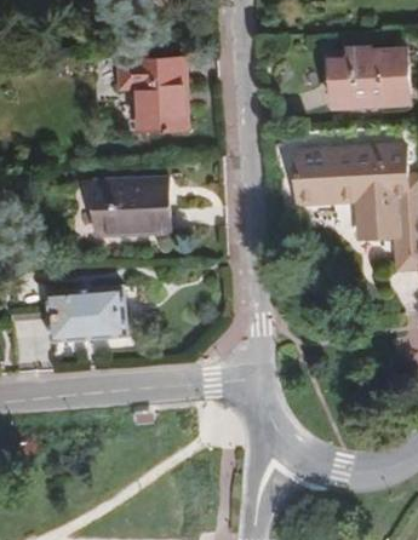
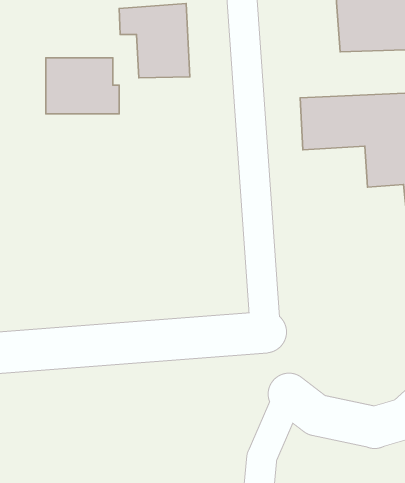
building: [93,180,165,235] -> [46,58,119,114]
building: [47,292,125,338] -> none

